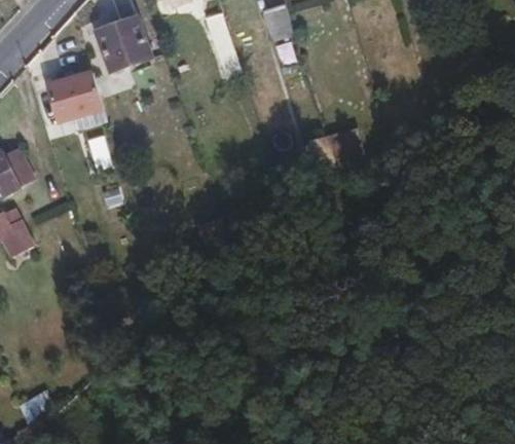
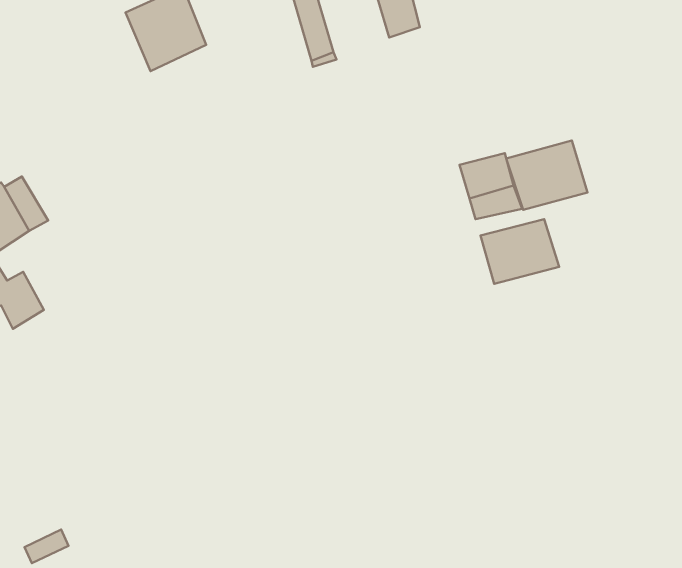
building: [47,74,101,126] -> none
building: none -> [506,140,587,210]
building: none -> [480,219,559,284]

